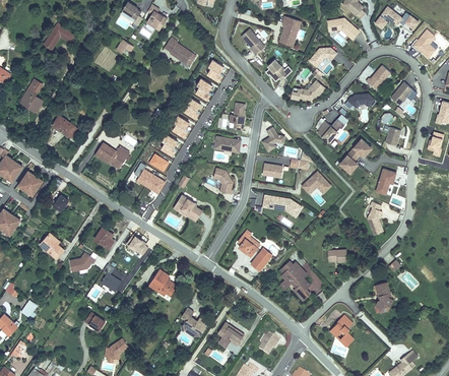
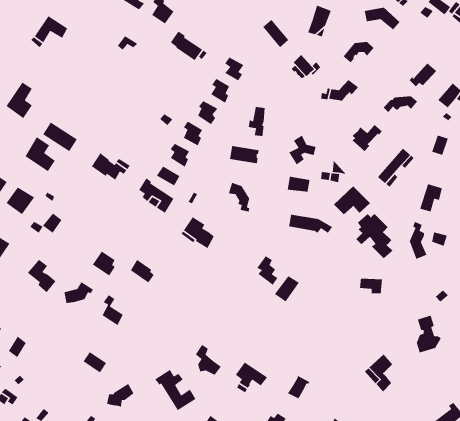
building: none -> [24,136,56,172]
building: [273,256,306,296] -> [356,213,393,259]
building: [149,267,178,301] -> none
building: none -> [154,369,197,411]

